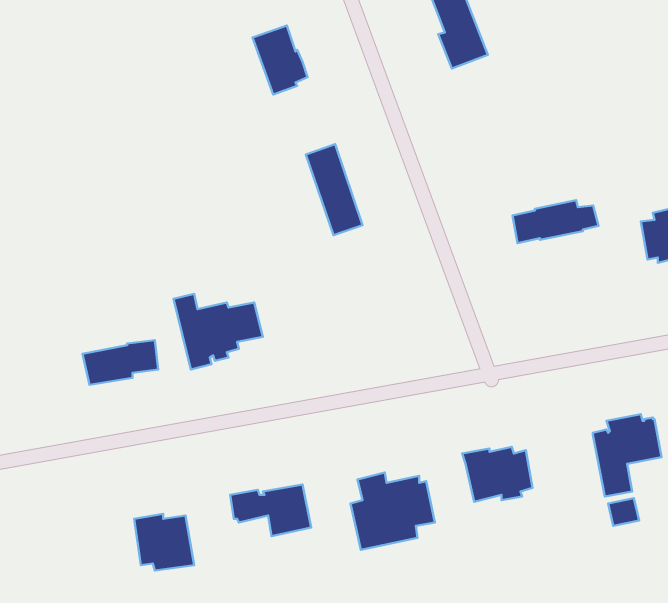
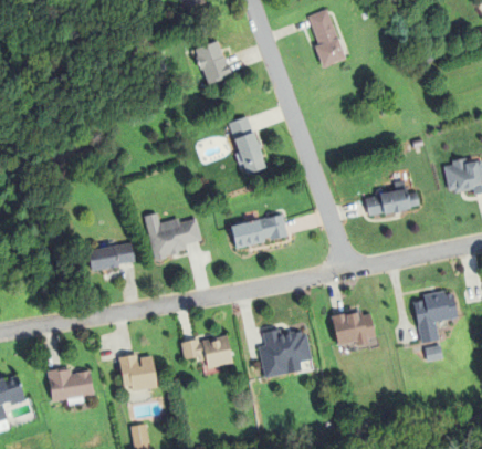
building: [512,200,598,243] -> [365,188,420,216]
building: none -> [230,213,287,248]
building: none -> [46,368,93,401]

